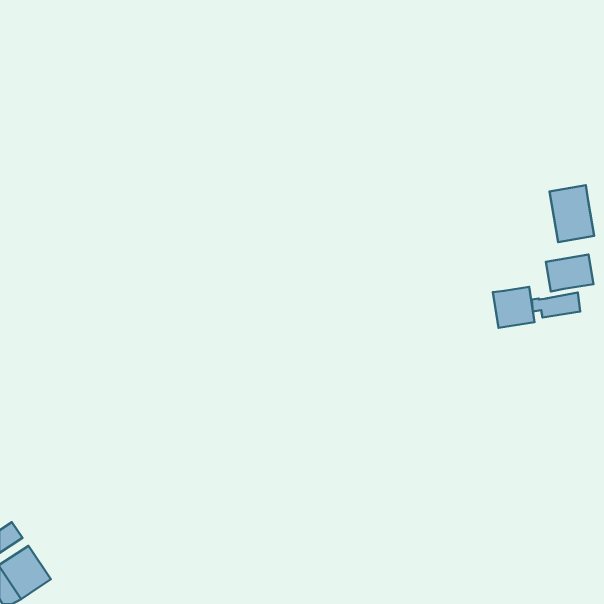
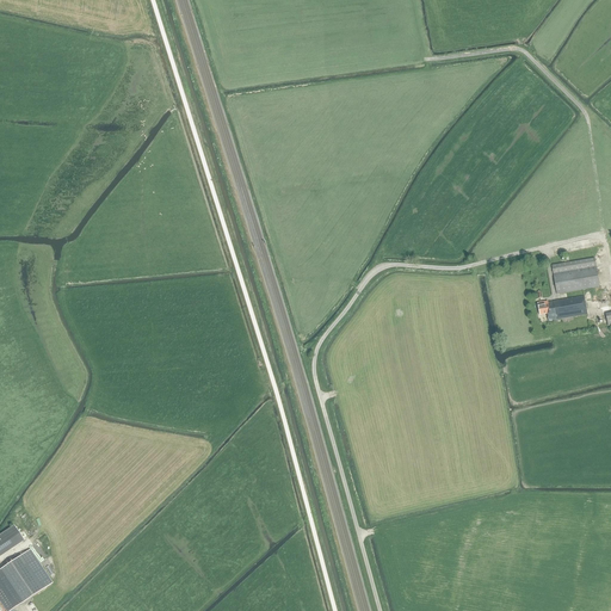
building: [550,185,594,242] -> none
building: [493,287,535,328] -> none

